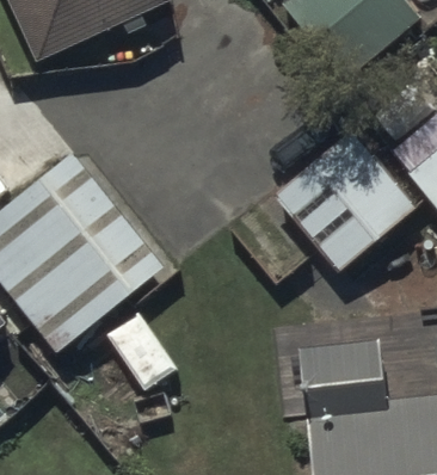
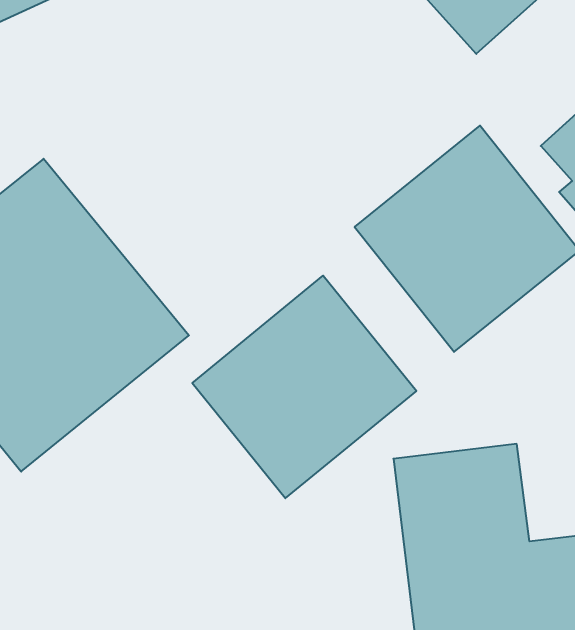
building: none -> [192,276,416,498]

